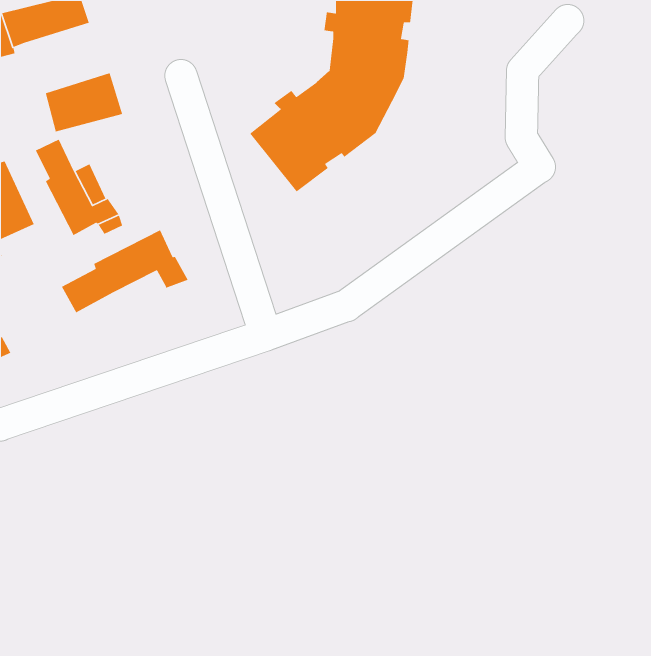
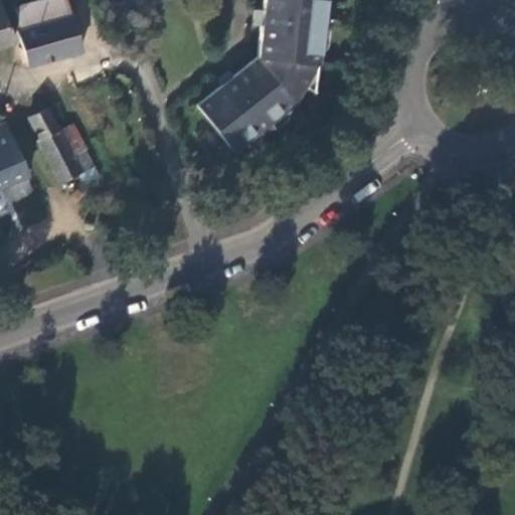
building: [45,72,123,133] -> [23,18,84,65]
building: [61,229,189,313] -> none

